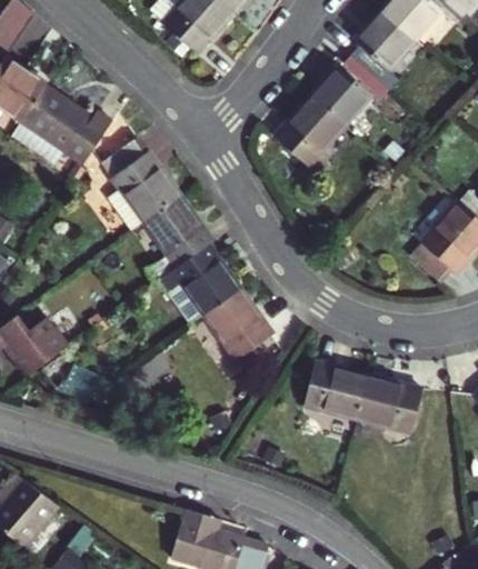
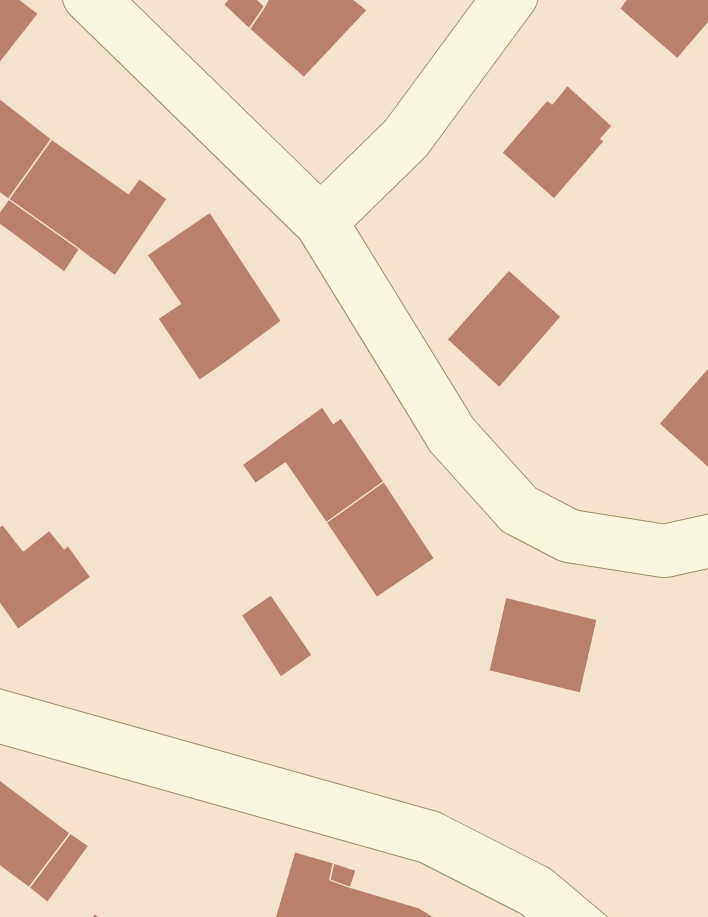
building: [352,10,418,80] -> none
building: [277,96,345,166] -> [447,270,561,388]
building: [148,196,207,281] -> none
building: [167,280,209,329] -> [241,595,312,677]
building: [360,373,425,430] -> none

